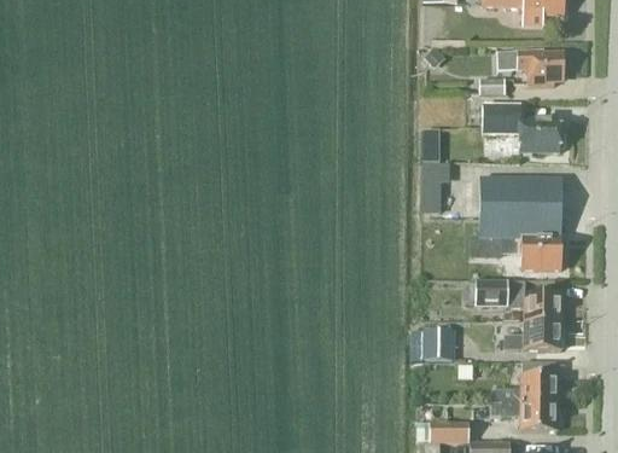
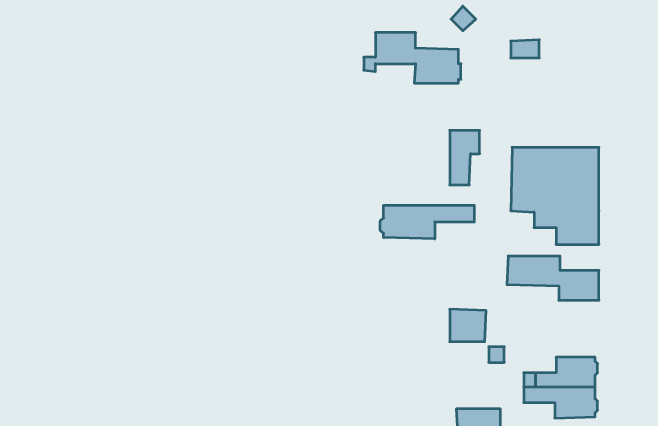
building: [497,48,564,86] -> none
building: [472,104,562,151] -> [364,33,461,83]
building: none -> [380,205,474,239]
building: [505,320,561,349] -> none

